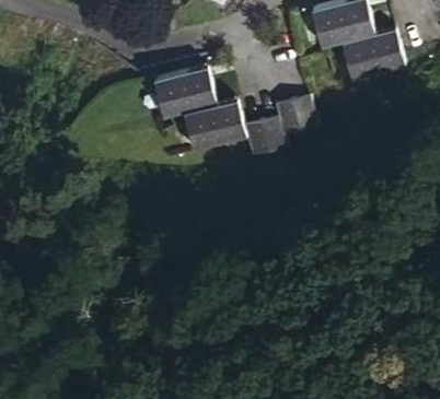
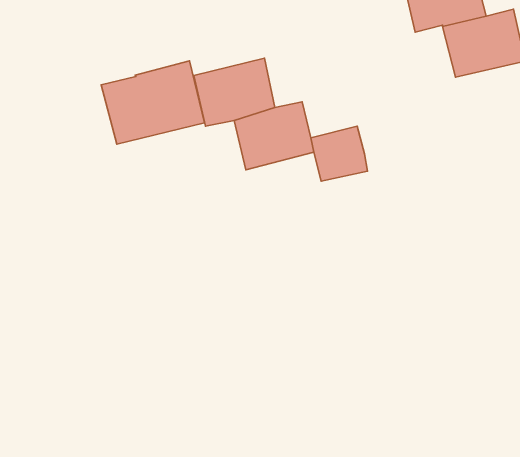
building: none -> [101,61,205,144]
building: [275,95,316,136] -> none

